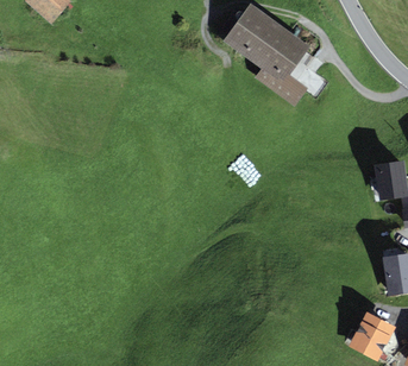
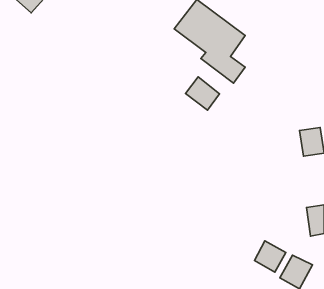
building: none -> [186,77,219,110]
building: none -> [255,241,286,272]

